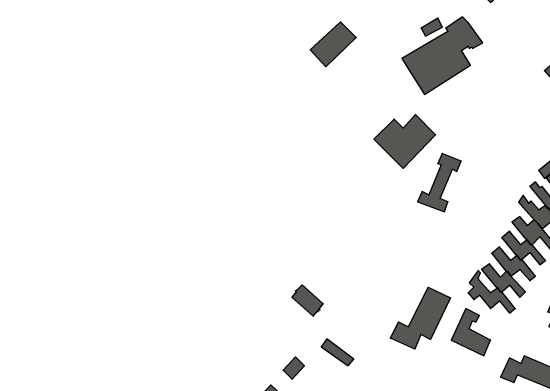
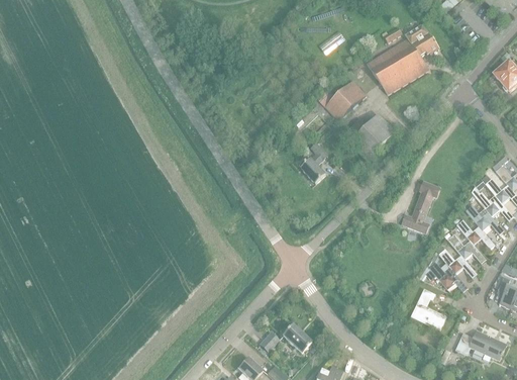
building: [310,22,356,67] -> [324,81,366,121]
building: none -> [300,142,327,183]
building: [418,153,461,212] -> [401,180,440,232]
building: [292,285,323,316] -> [282,324,310,353]
building: [390,287,451,349] -> none

